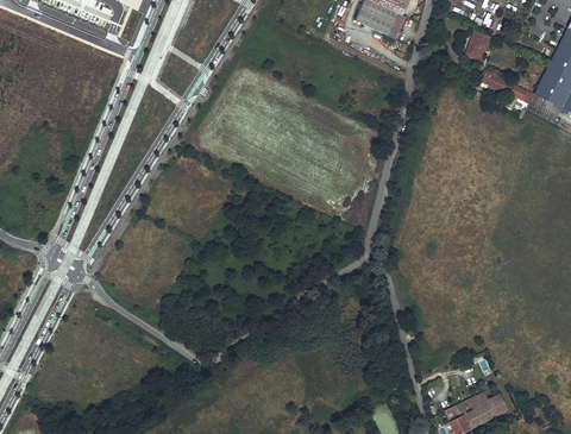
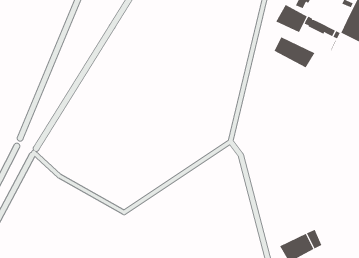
building: none -> [276,4,307,33]
building: none -> [274,37,315,68]

